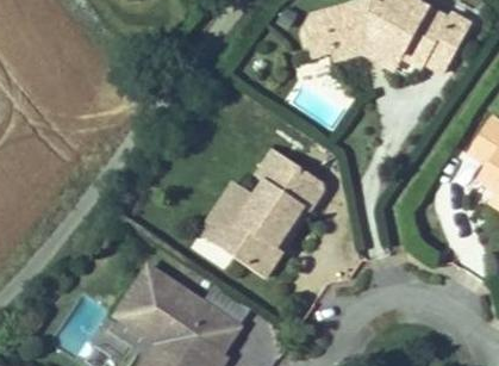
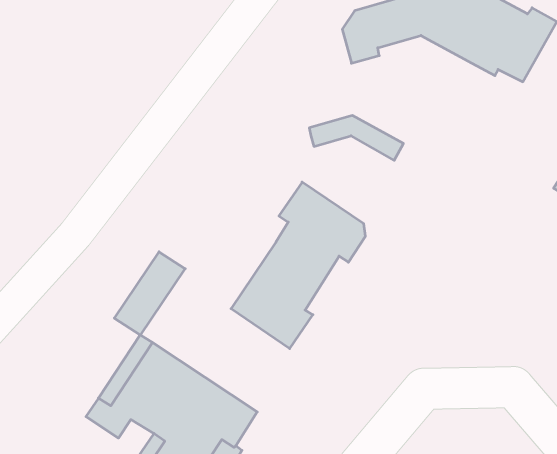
building: [332,35,405,69] -> [309,116,403,160]
building: [199,181,254,246] -> [114,252,185,335]

